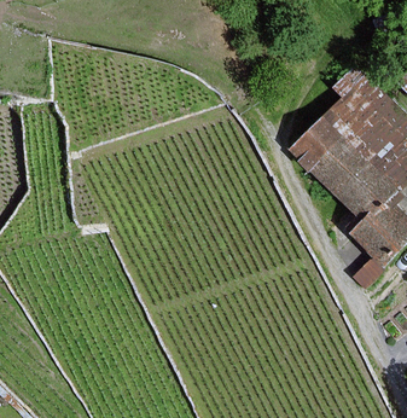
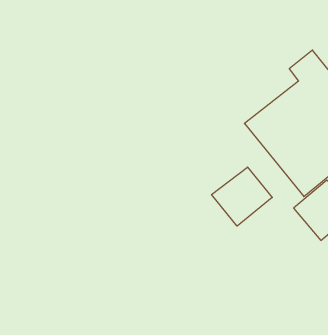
building: none -> [212,167,272,226]

